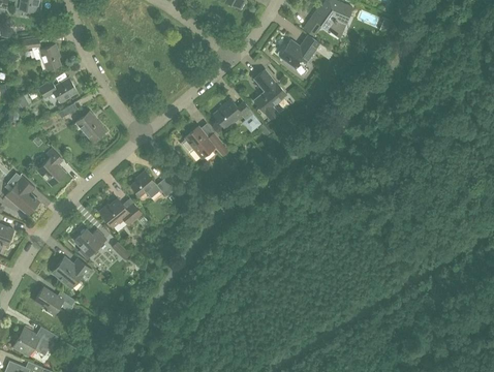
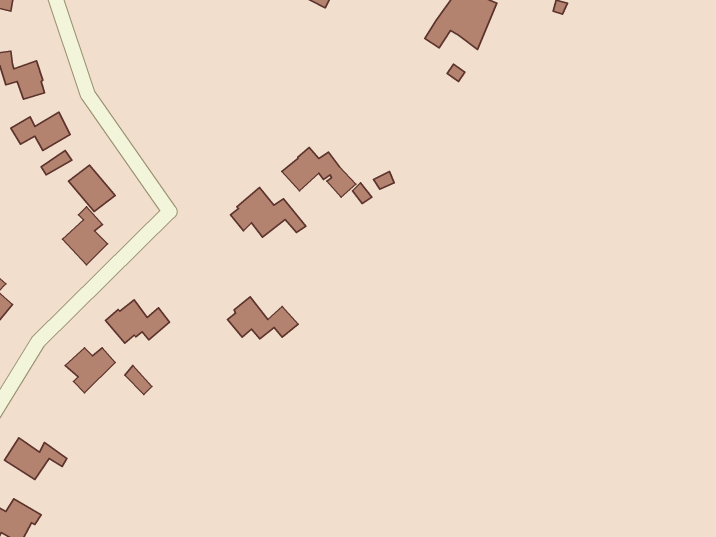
building: [279,34,318,62] -> none
building: [253,73,286,119] -> none
building: [36,148,65,185] -> [62,207,107,265]
building: [130,169,176,196] -> [228,297,298,339]
building: [52,255,92,287] -> none

